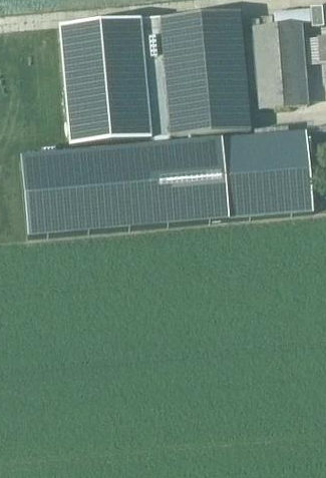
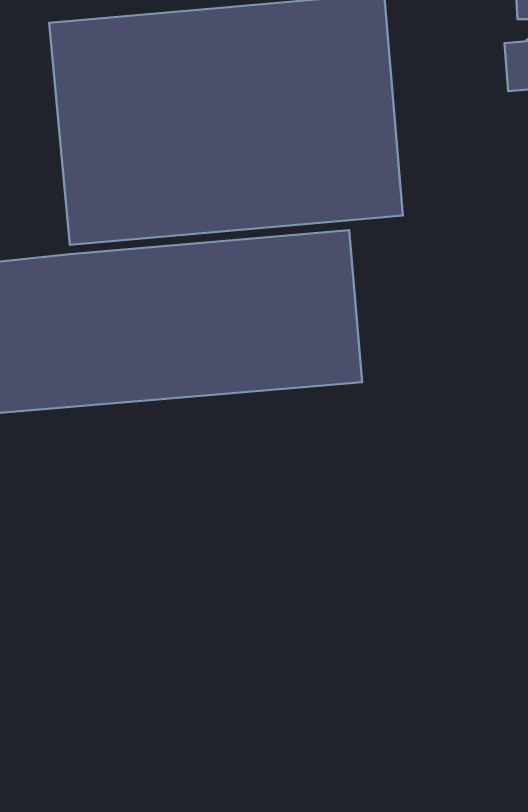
building: [253,21,309,106] -> none
building: [222,129,313,218] -> none

